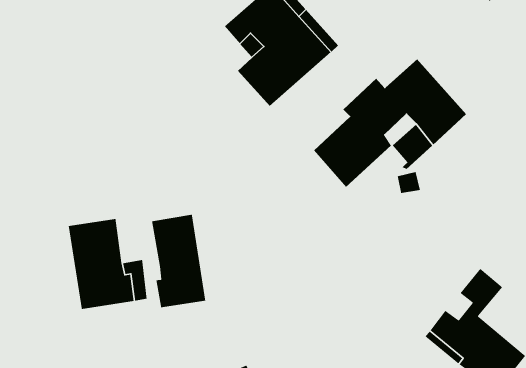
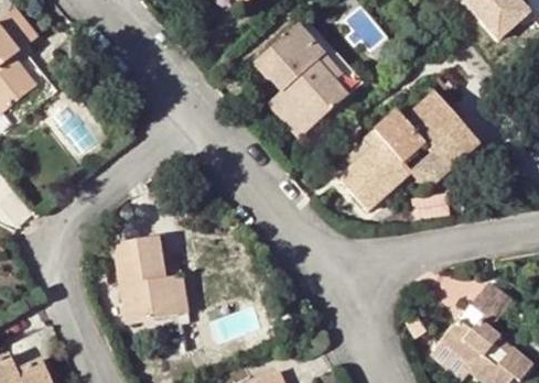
building: [151,214,206,308] -> none

